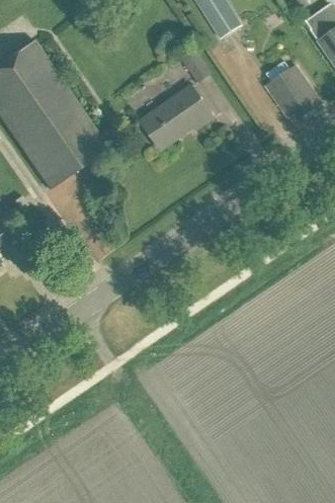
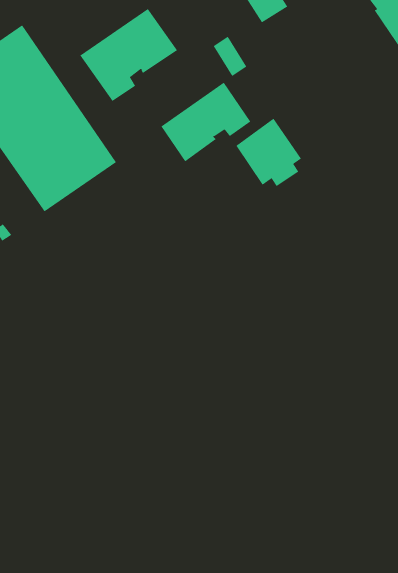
building: none -> [79,8,178,102]
building: [266,64,319,118] -> [235,118,302,187]

